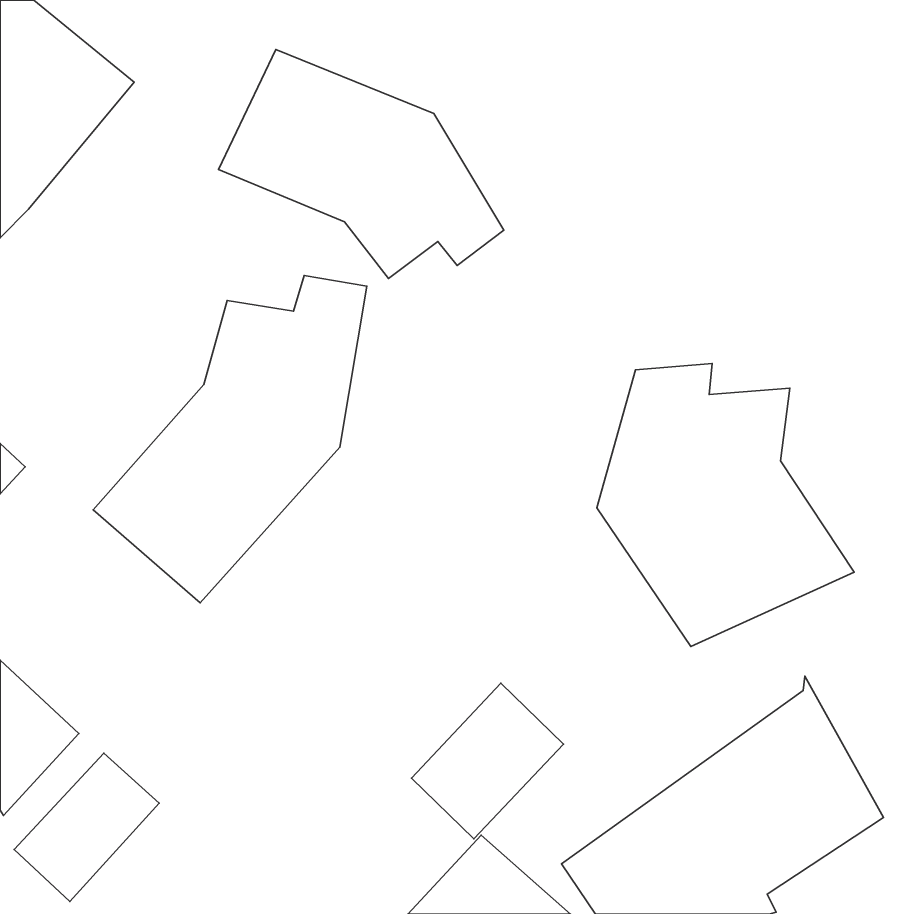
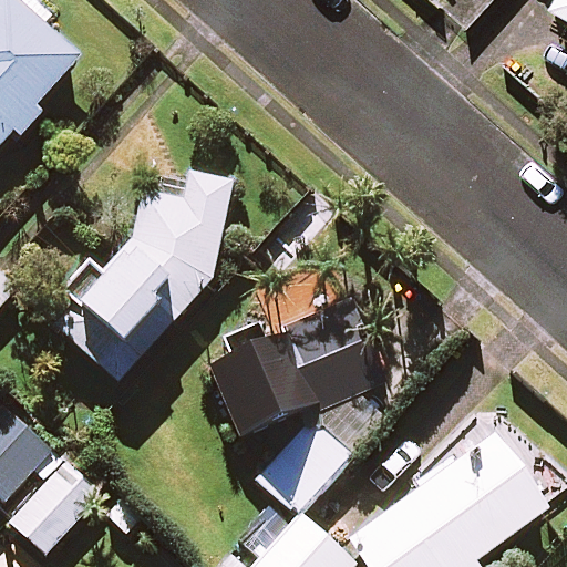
building: [218,49,504,279] -> none
building: [597,364,854,646] -> none
building: none -> [209,293,384,433]

